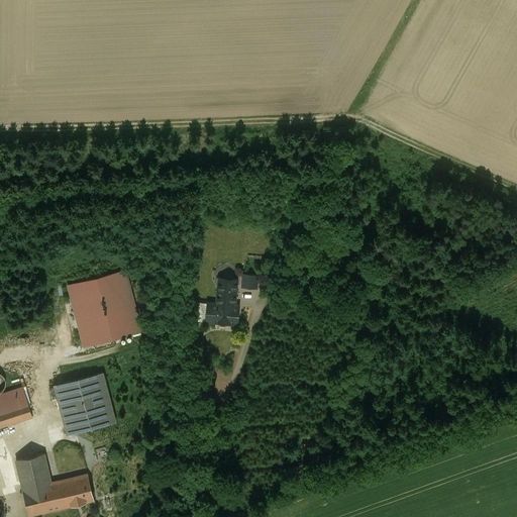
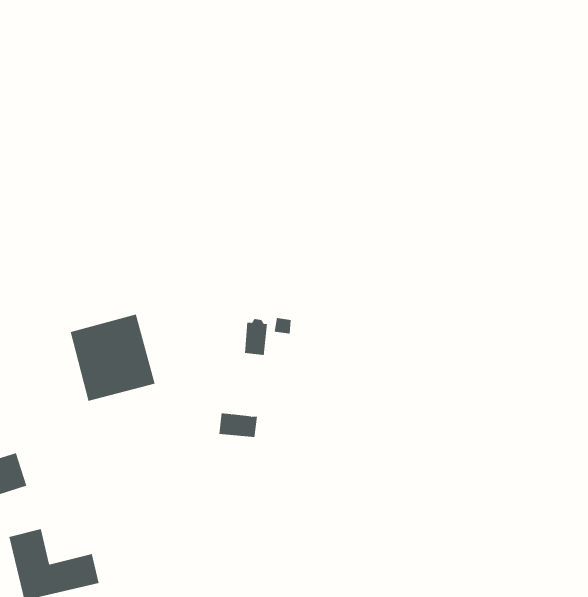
building: [205,303,238,324] -> [219,413,258,438]
building: [54,373,115,435] -> none

